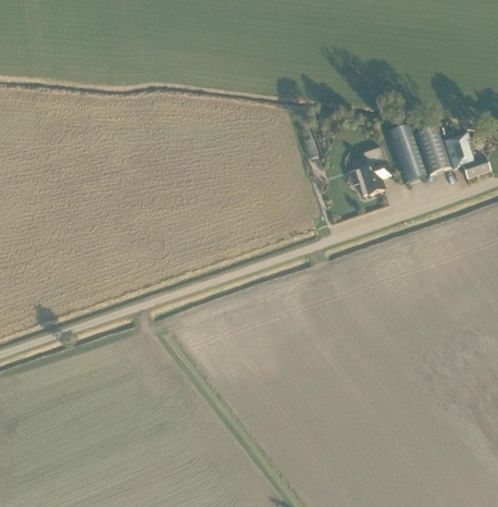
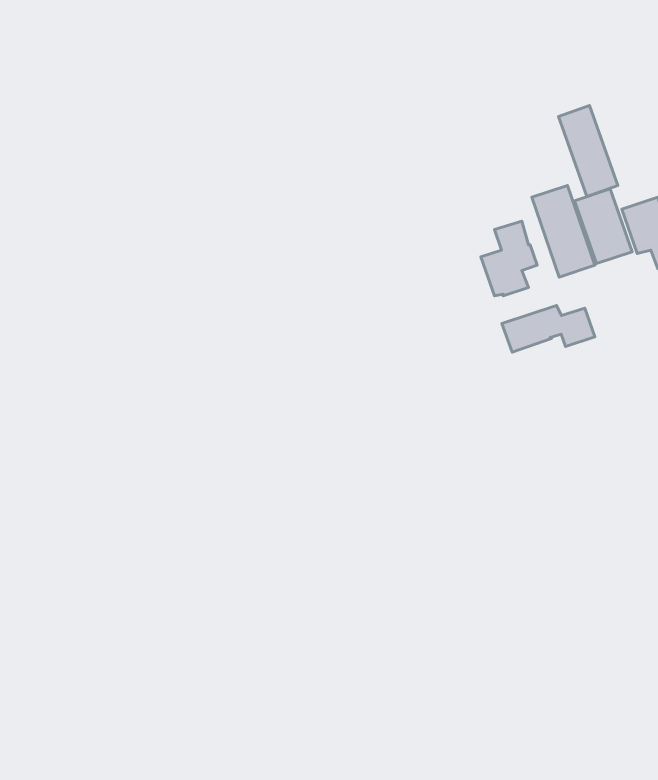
building: none -> [559,105,618,197]
building: none -> [502,305,595,352]

